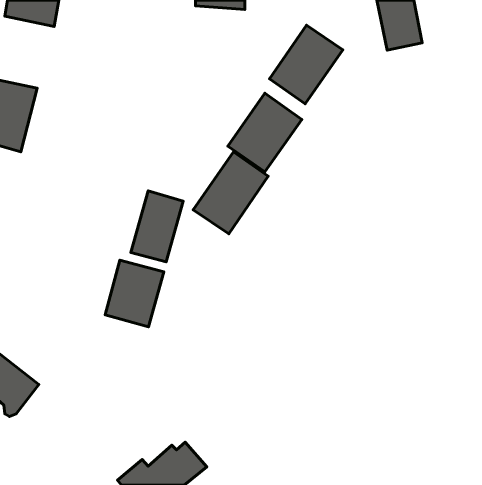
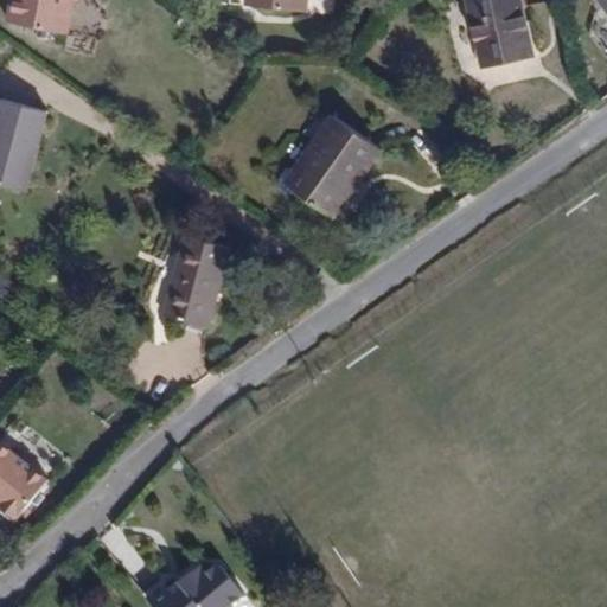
building: [269,25,343,104] -> none
building: [193,152,268,234] -> none
building: [105,260,164,327] -> none

